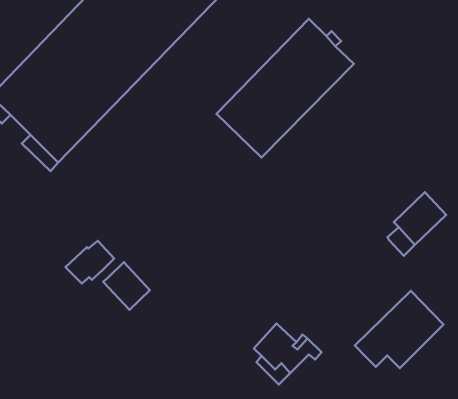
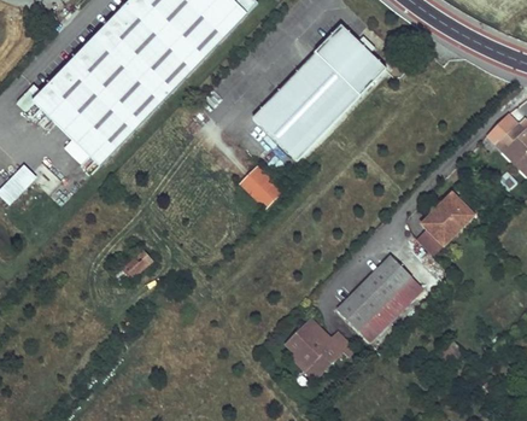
building: none -> [239,165,282,209]
building: [103,262,150,310] -> none
building: [355,291,443,368] -> [338,255,423,329]

